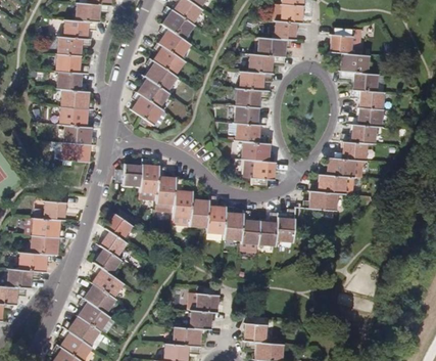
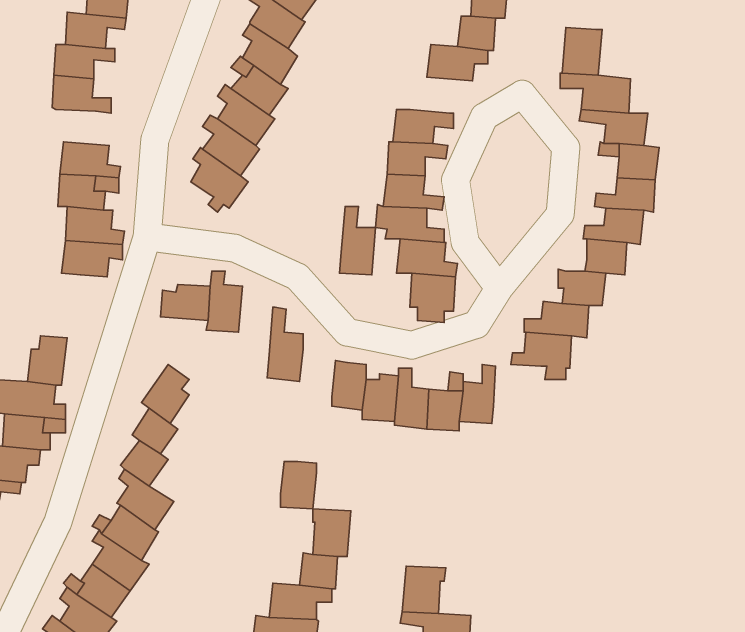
building: [249,54,285,74] -> none
building: [58,72,91,91] -> none
building: [156,167,176,204] -> [339,206,376,275]
building: [190,200,209,226] -> [280,461,317,509]

